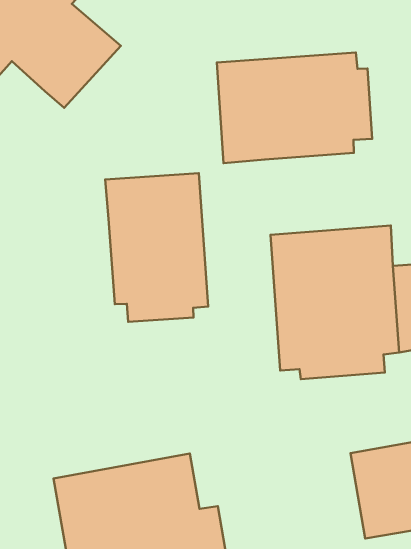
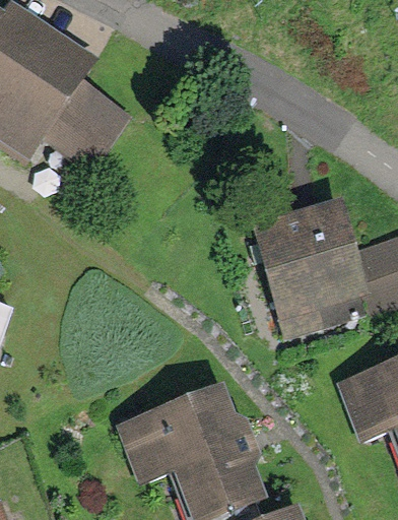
building: [217,52,372,163] -> none
building: [105,173,208,322] -> none

